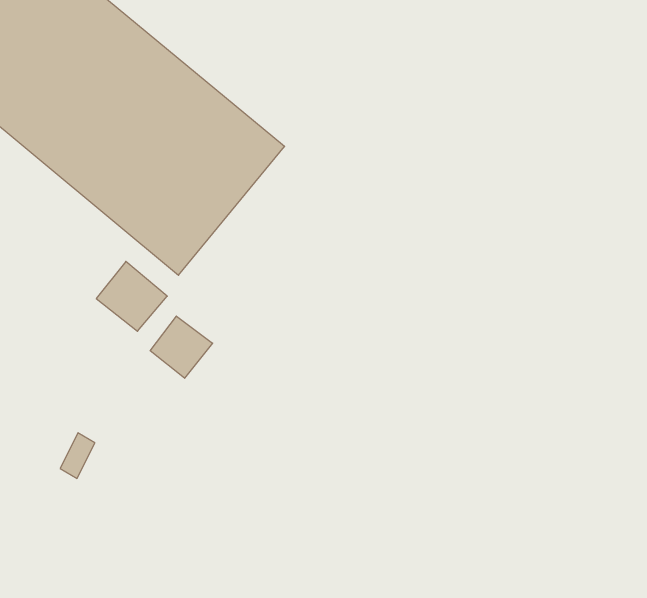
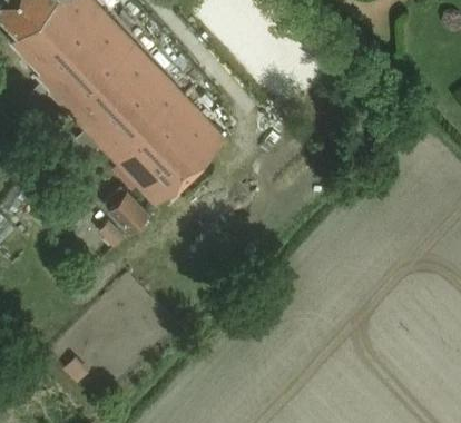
building: [150,316,213,378] -> none

